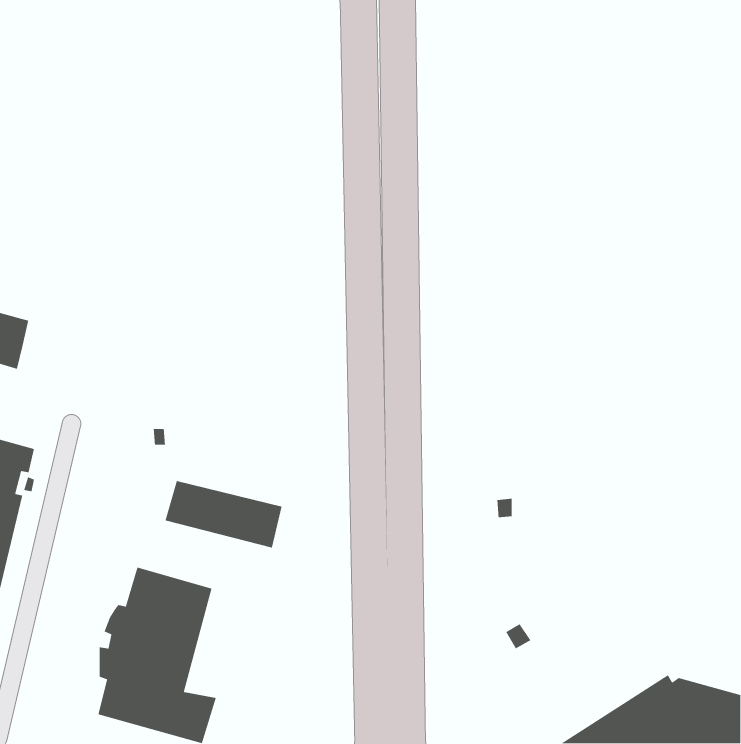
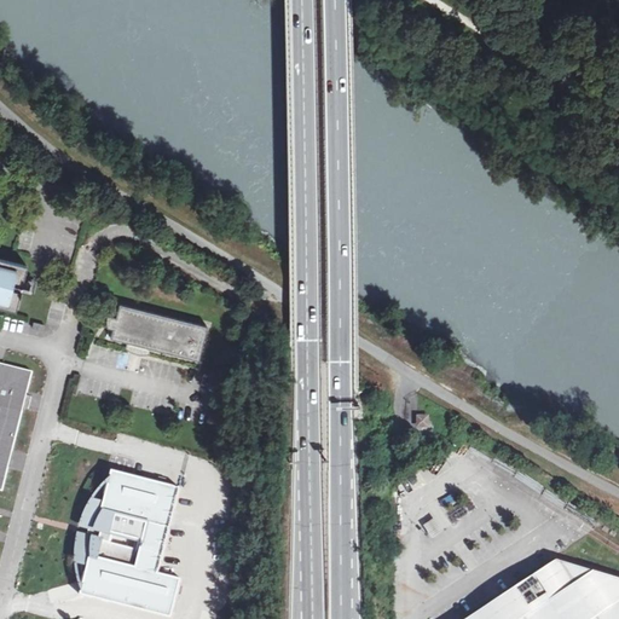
building: [165,480,283,548] -> [108,305,206,361]

